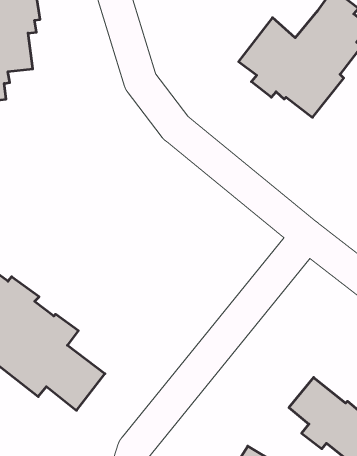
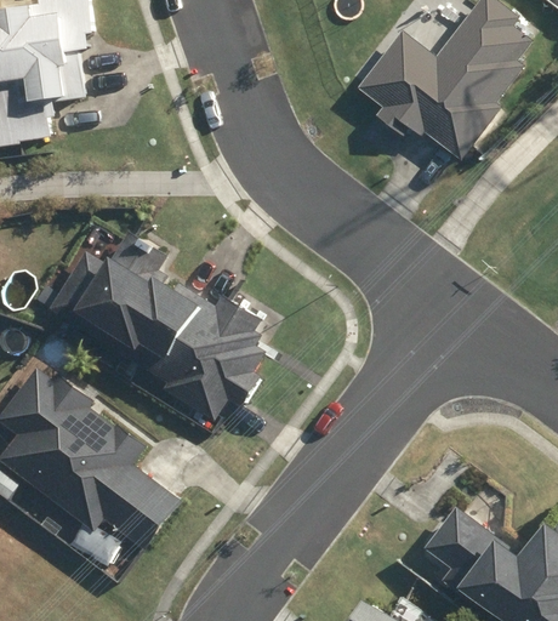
building: none -> [47,230,264,421]

